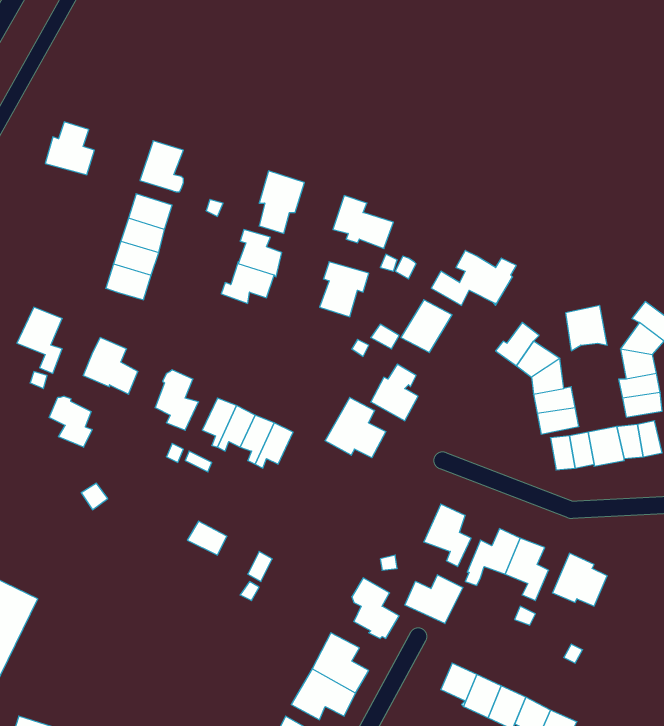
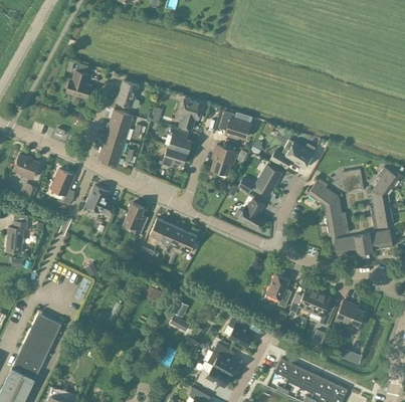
building: [49,396,92,447] -> none
building: [325,397,386,458] -> none
building: [405,575,463,624] -> none

